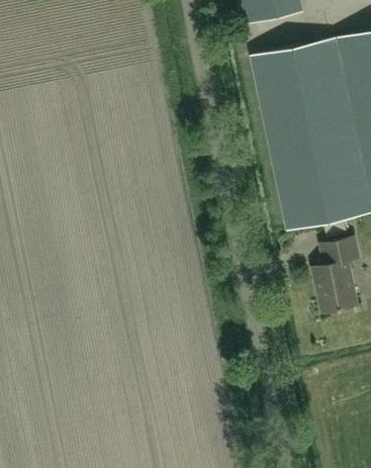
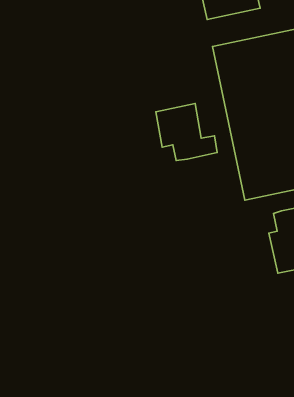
building: none -> [156,104,217,160]

